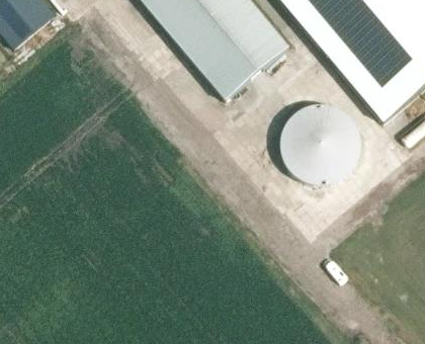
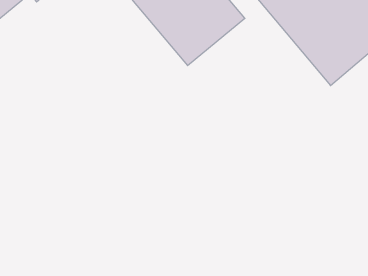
building: [282,103,356,178] -> none

